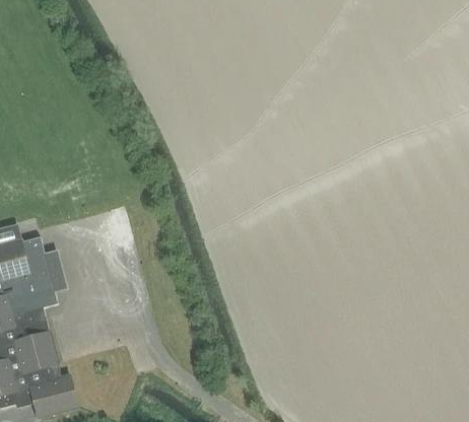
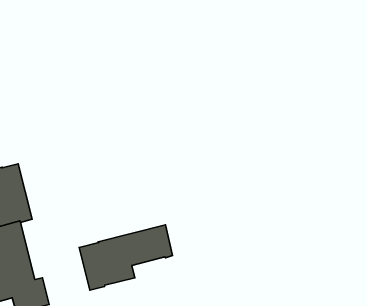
building: none -> [79,225,173,290]

